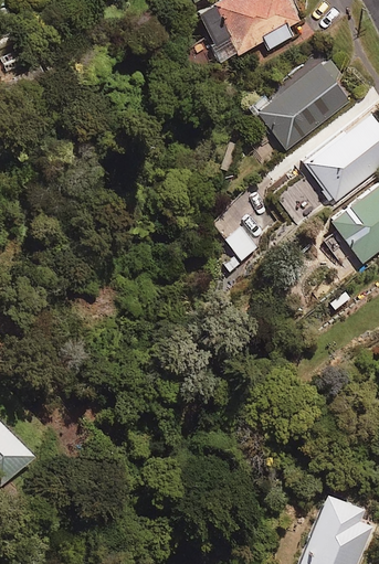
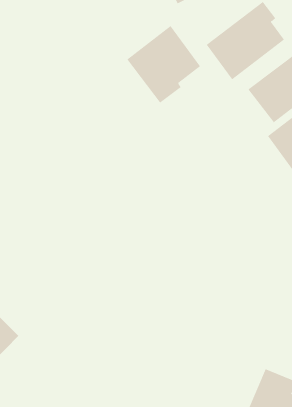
building: none -> [127,25,201,103]

